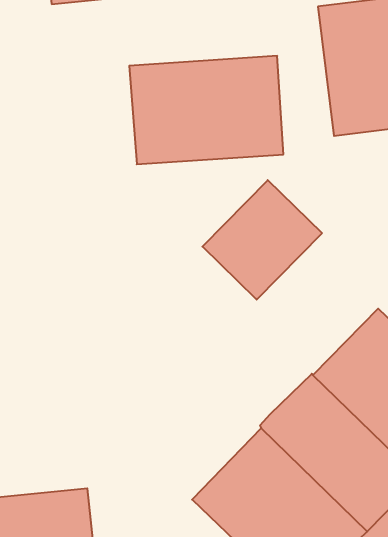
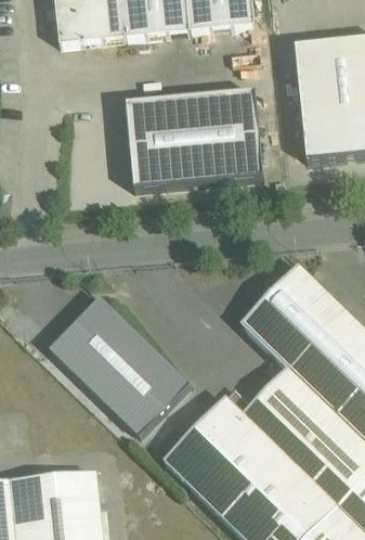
building: [202,180,322,300] -> [242,266,347,371]
building: none -> [49,299,190,438]
building: none -> [164,389,251,480]

